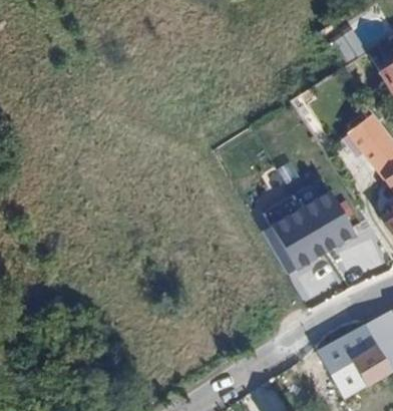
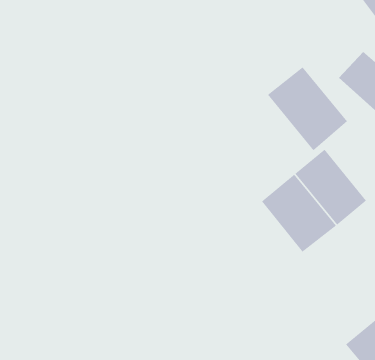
building: none -> [267,67,348,151]

